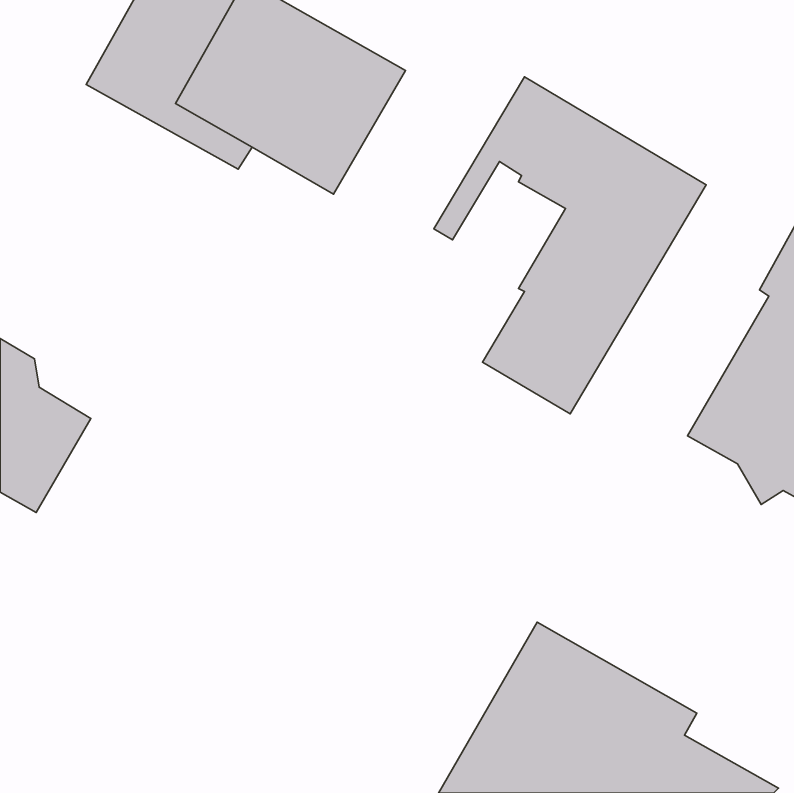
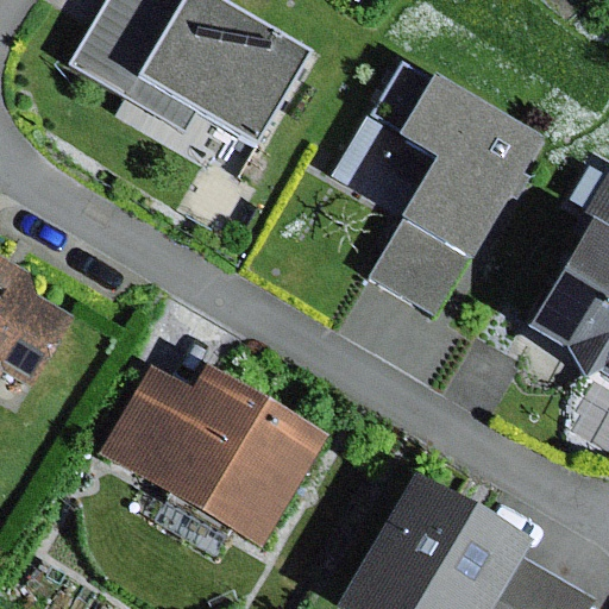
building: none -> [99,364,327,550]

